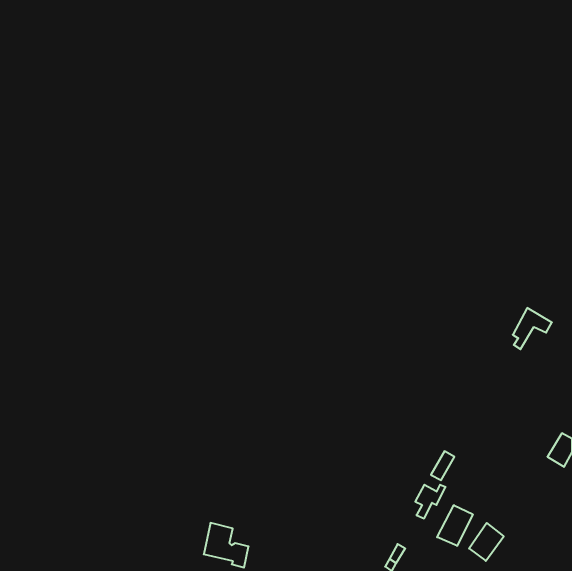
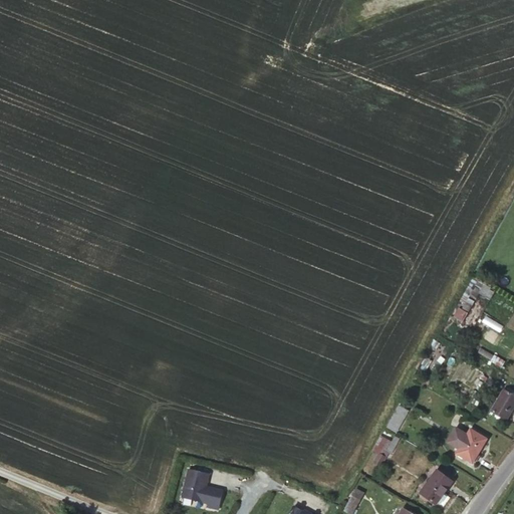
building: none -> [448,427,487,462]
building: [437,505,473,546] -> none

